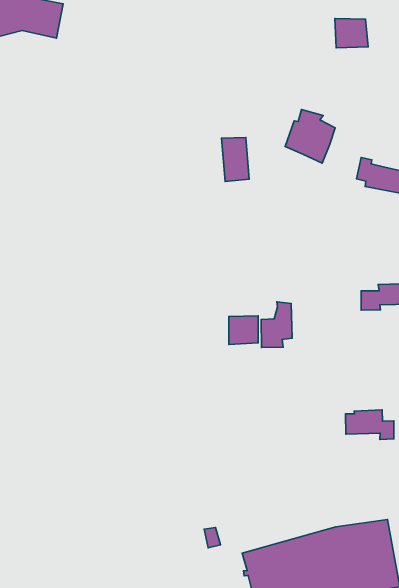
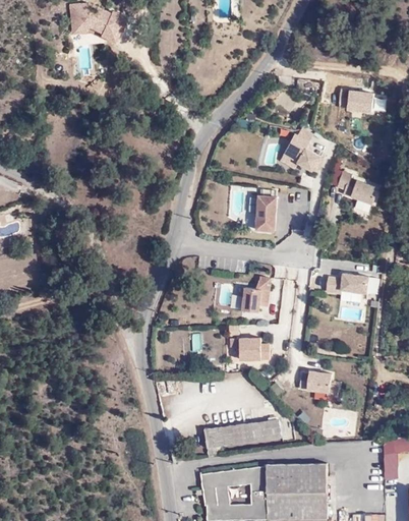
building: [335,18,368,48] -> [347,91,373,117]
building: [222,137,249,181] -> [255,196,277,232]
building: none -> [230,339,269,361]
building: none -> [213,418,289,459]

